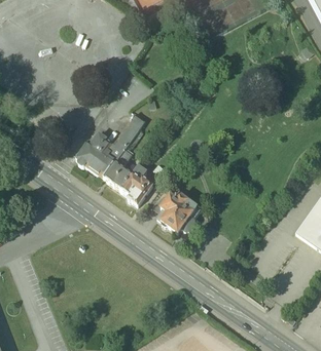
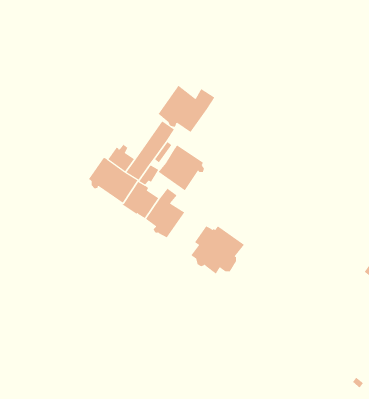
building: none -> [158,85,215,133]
building: none -> [158,145,205,191]

